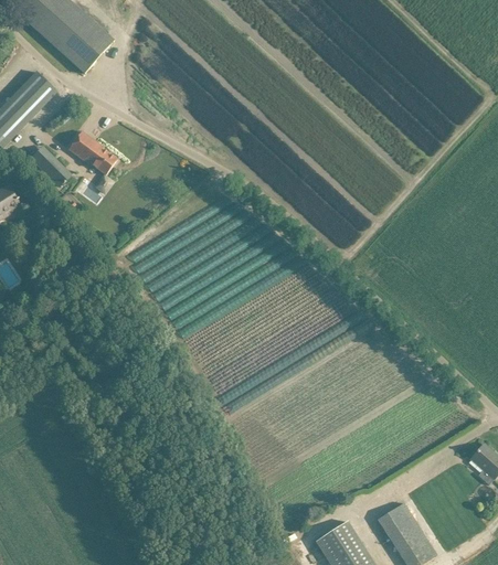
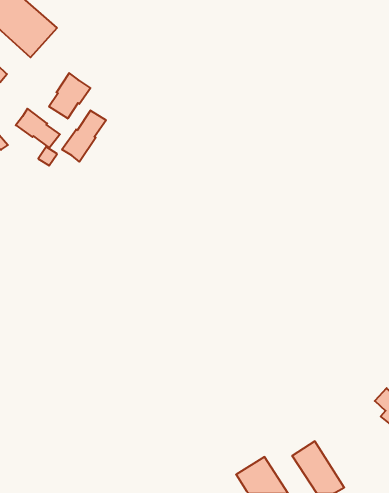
building: none -> [49,73,90,119]
building: none -> [62,110,106,162]

